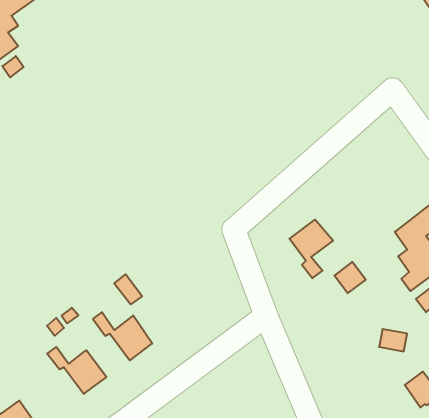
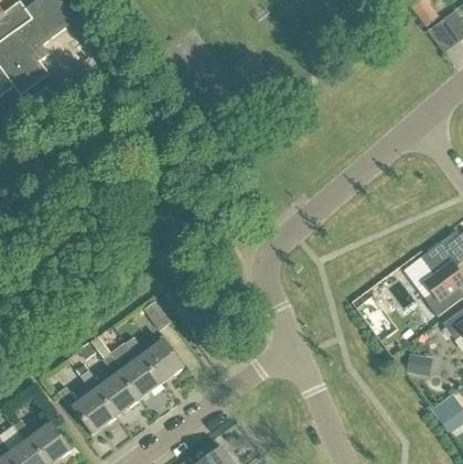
building: [289,220,333,278] -> none
building: none -> [101,354,160,400]
building: none -> [56,387,115,434]

